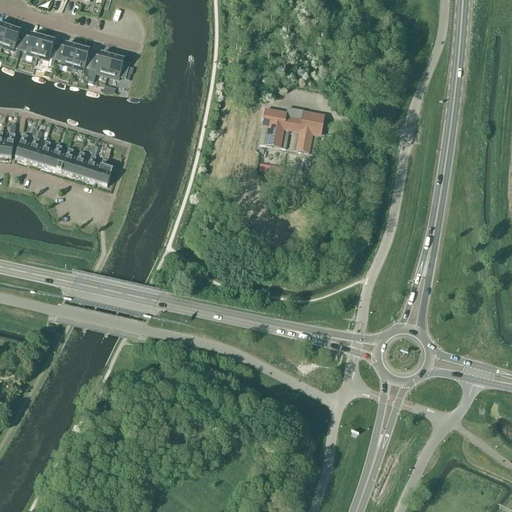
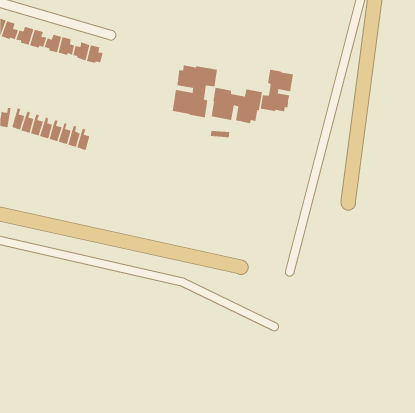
building: none -> [172,65,218,118]
building: none -> [260,69,293,112]

